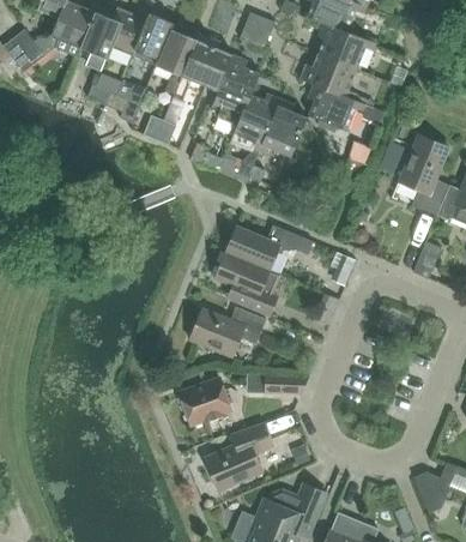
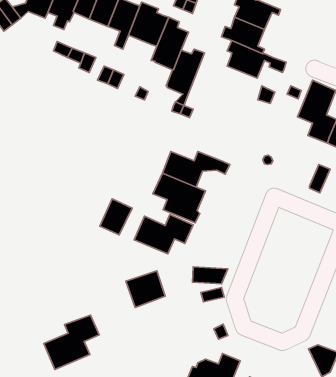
building: [259,100,307,157] -> none
building: none -> [100,199,132,235]
building: [204,422,274,492] -> [44,315,99,370]

